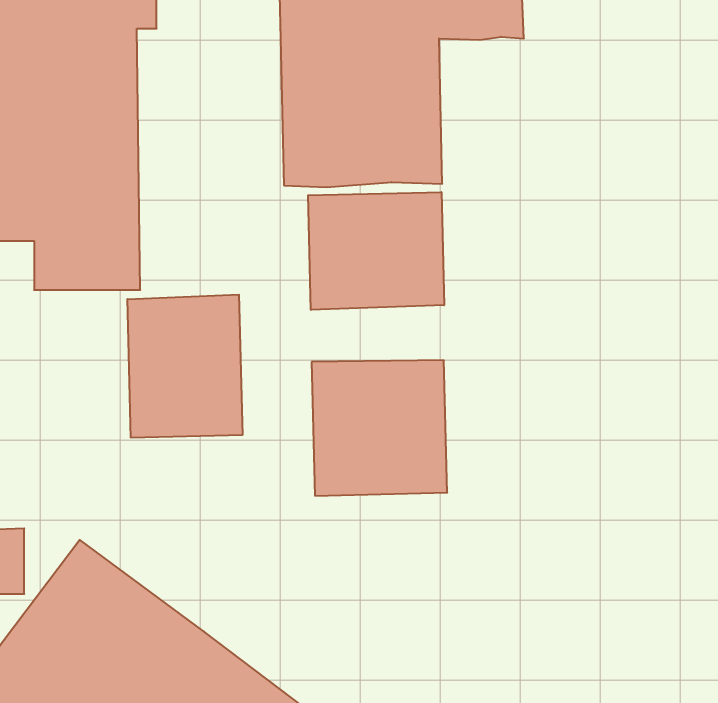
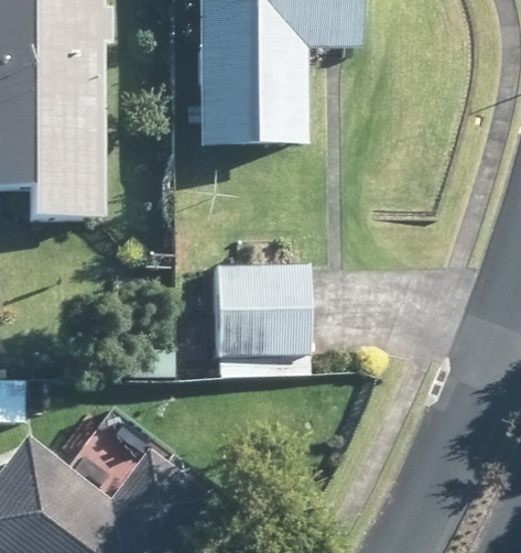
building: [308,192,444,310] -> none
building: [127,295,242,438] -> none

